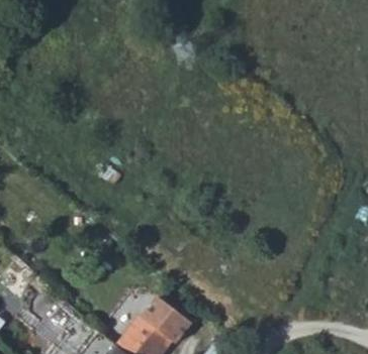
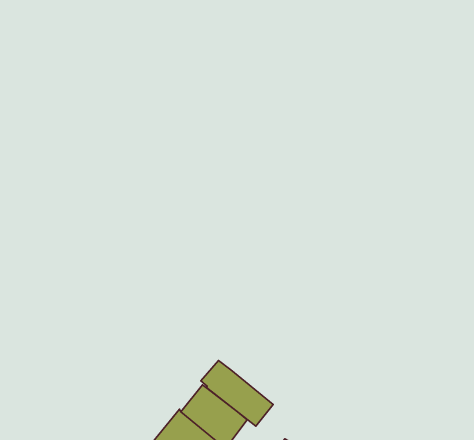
building: none -> [201,361,273,426]

